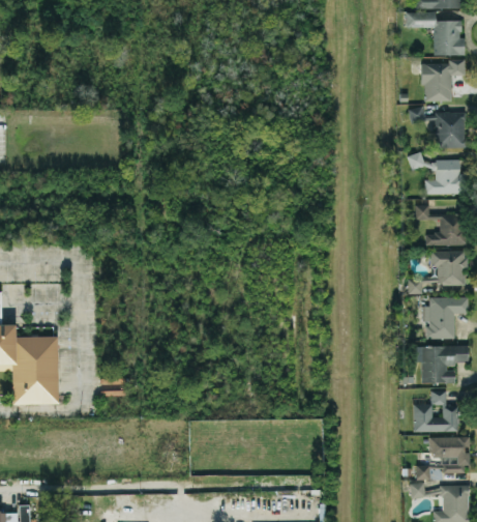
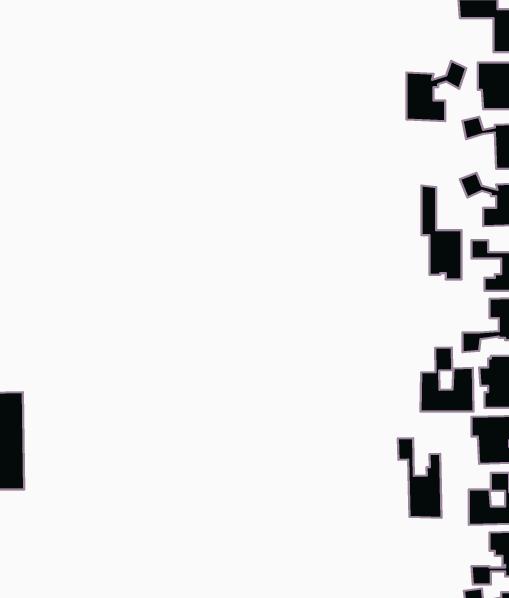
building: none -> [406,61,466,121]
building: none -> [422,185,462,280]
building: none -> [421,347,473,411]
building: none -> [398,438,442,518]

